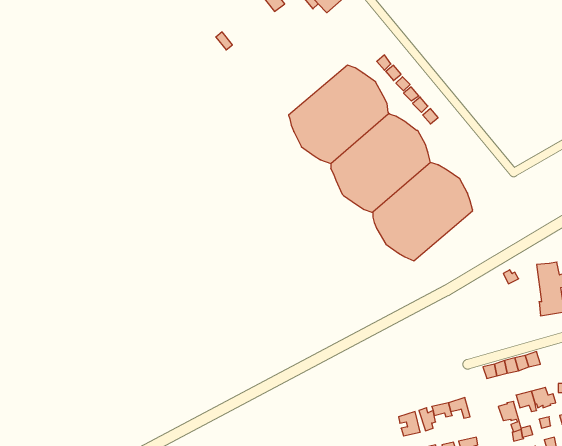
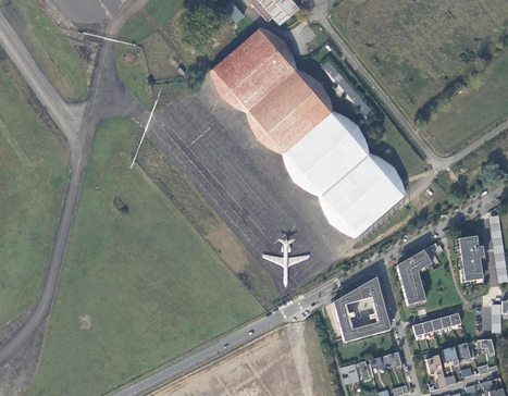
building: none -> [211,27,297,111]
building: none -> [397,250,431,305]
building: none -> [333,280,389,341]

